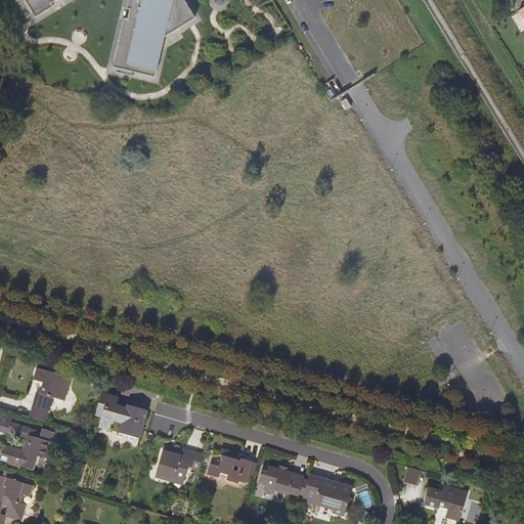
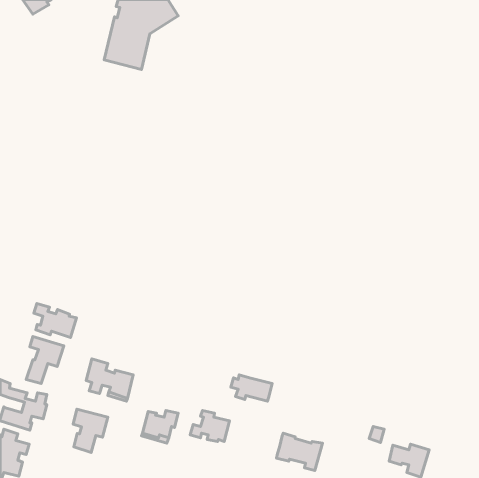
building: none -> [34,303,76,338]
building: none -> [73,409,108,453]
building: [258,465,303,493] -> [231,375,272,401]

